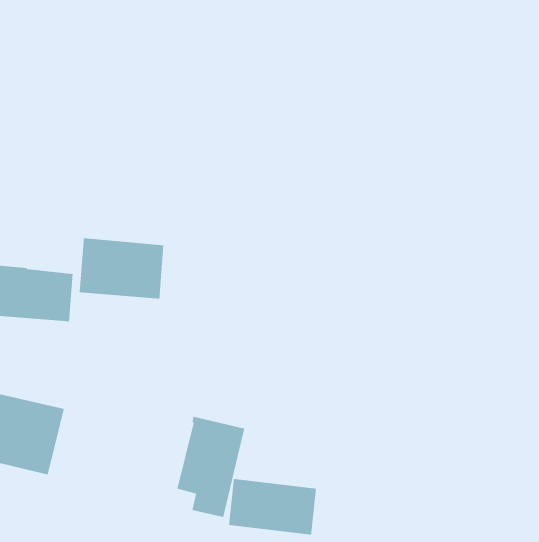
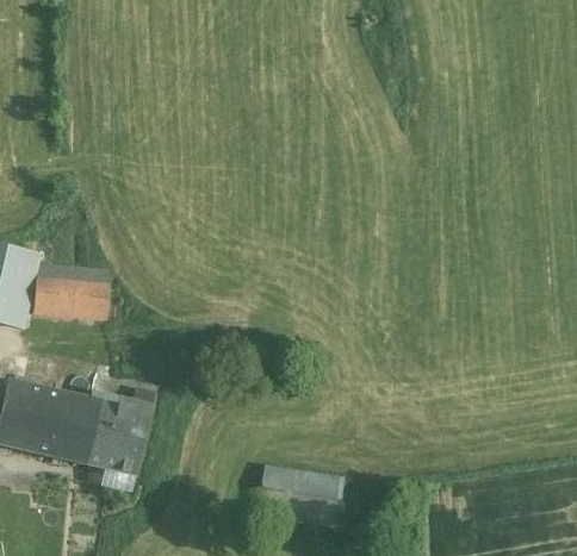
building: [79,237,164,300] -> none
building: [176,416,245,518] -> [87,392,153,489]

